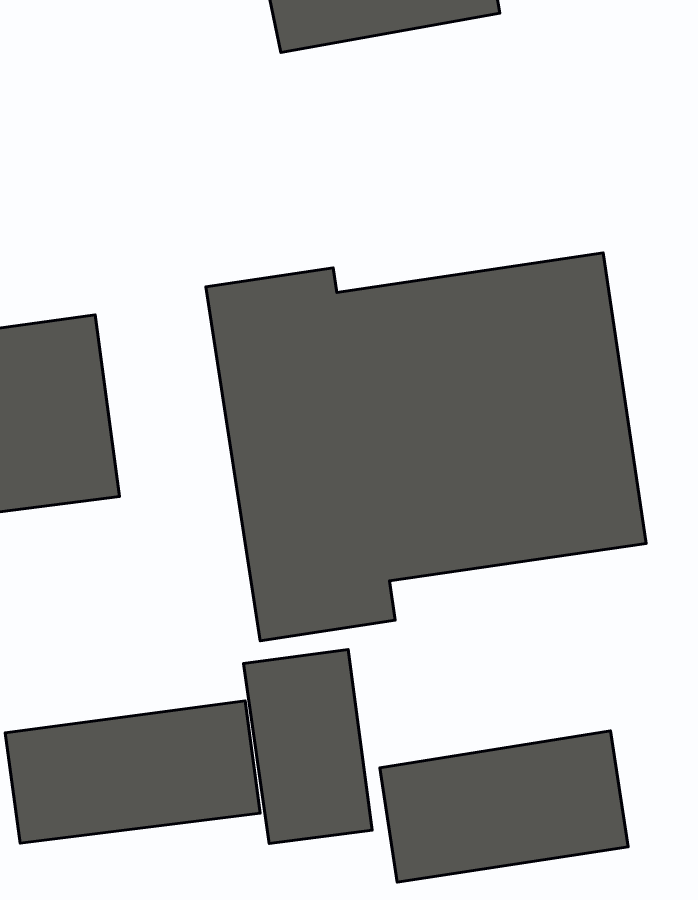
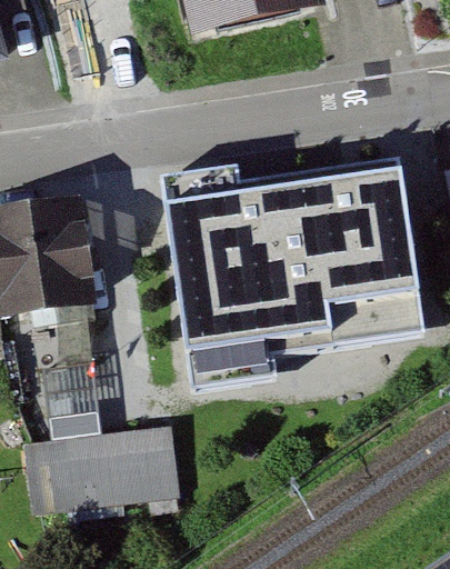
building: [244,650,372,844] -> none
building: [380,731,628,882] -> none

